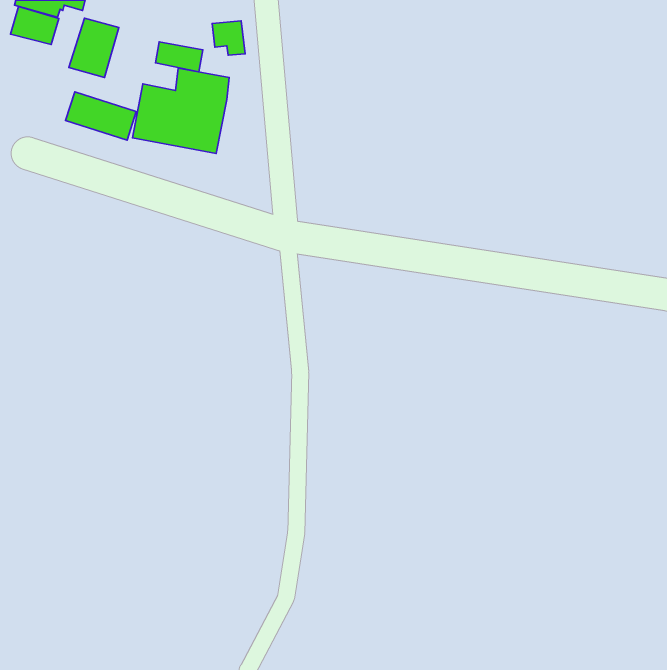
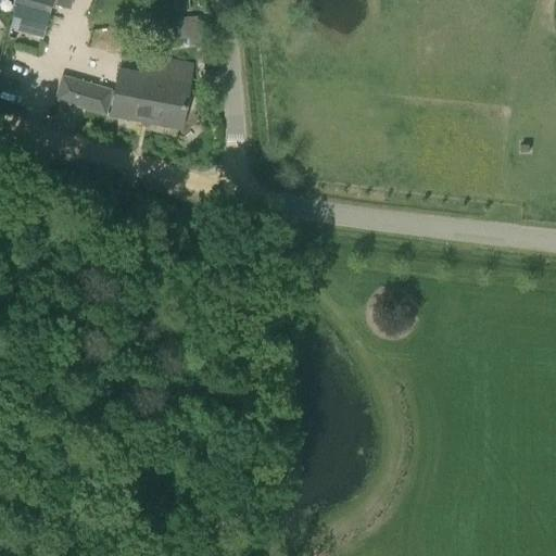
building: [69,18,119,78] -> none
building: [156,42,203,72] -> none

